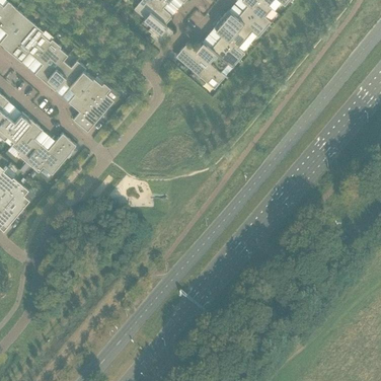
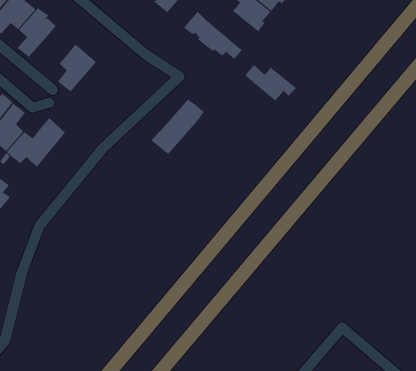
building: [194,39,238,70] -> [244,64,297,101]
building: [44,59,85,89] -> none
building: [72,81,118,130] -> [151,98,204,155]

